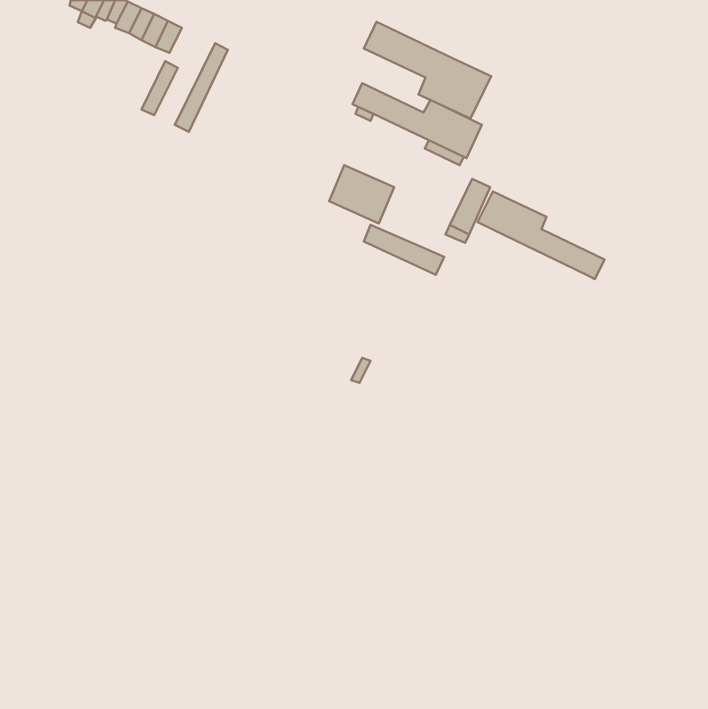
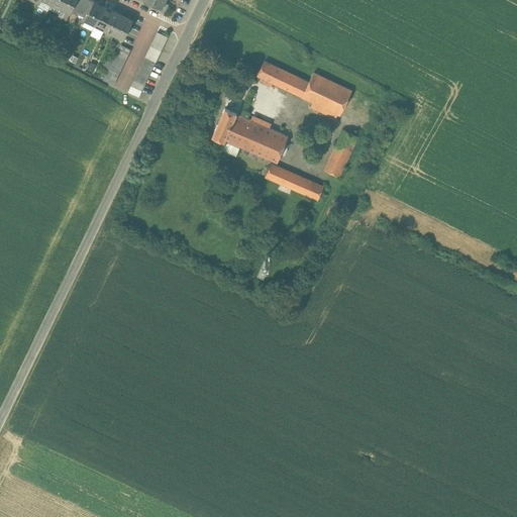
building: [364,22,491,118] -> none
building: none -> [211,108,250,146]
building: [477,191,604,279] -> none

